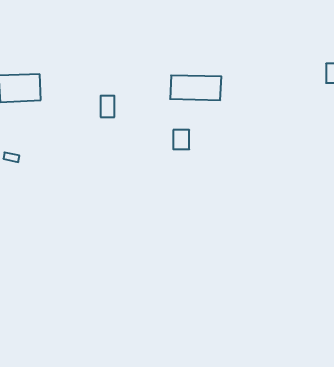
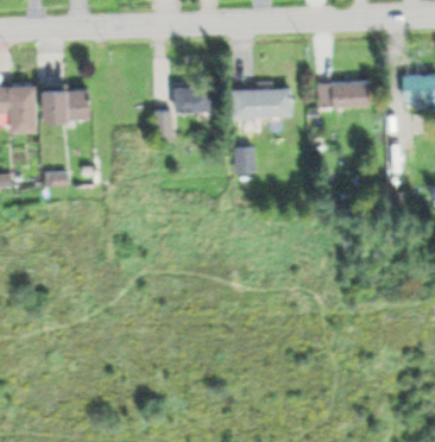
building: none -> [319,83,367,105]
building: none -> [176,86,214,111]

